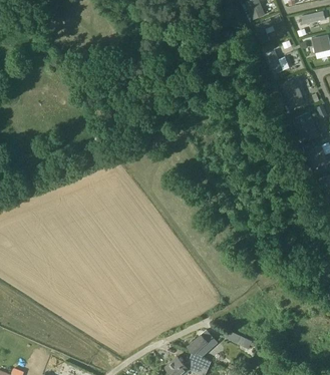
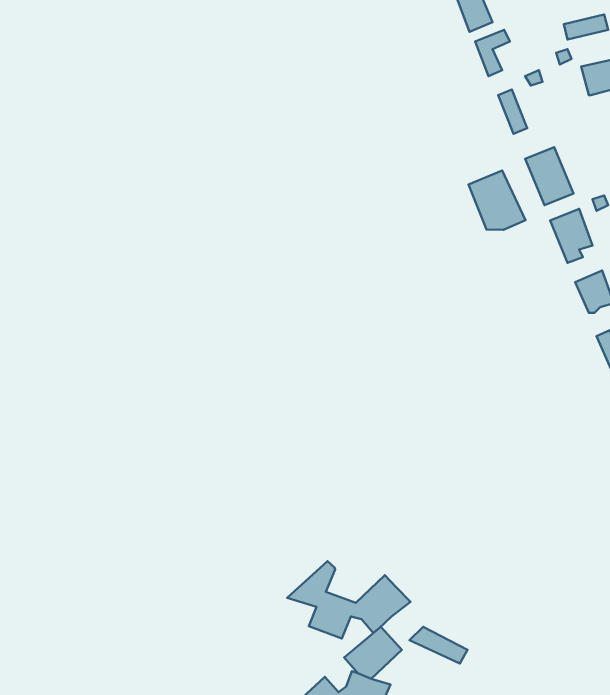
building: none -> [469,171,525,230]
building: none -> [287,561,411,639]

